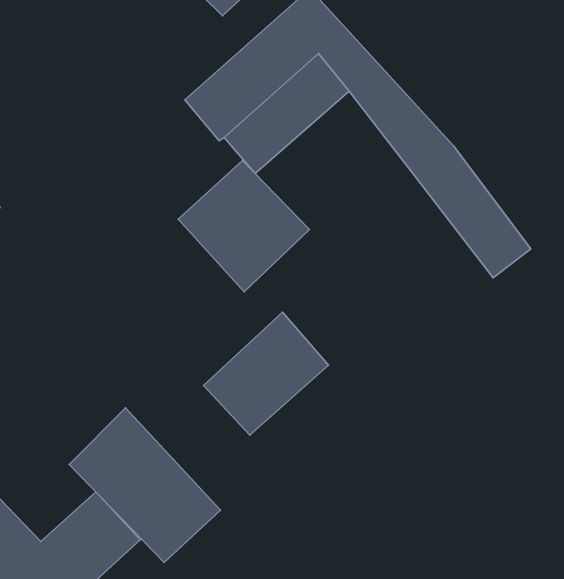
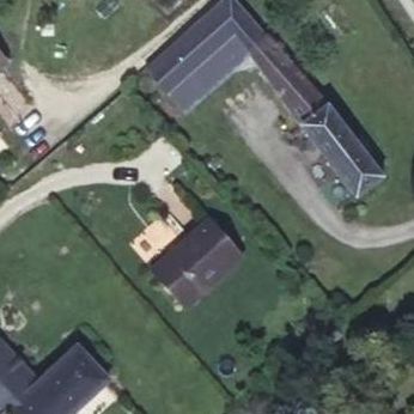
building: [178,161,310,292] -> none
building: [69,408,221,563] -> none

